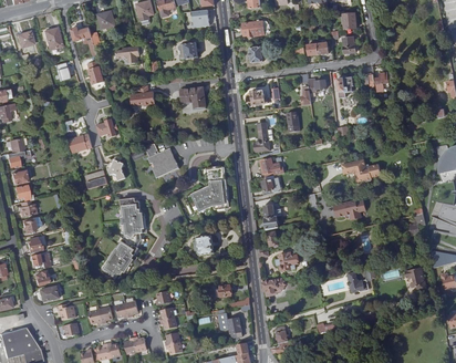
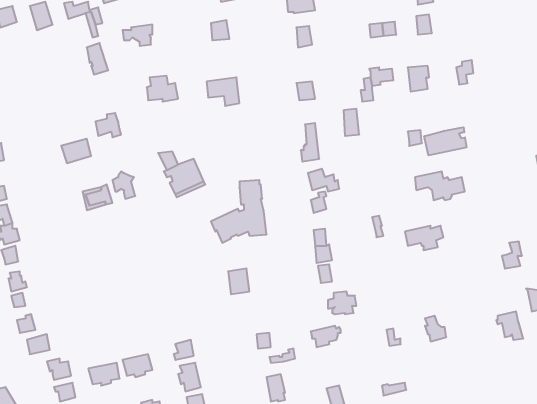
building: none -> [424,127,466,155]
building: [102,198,144,280] -> none

